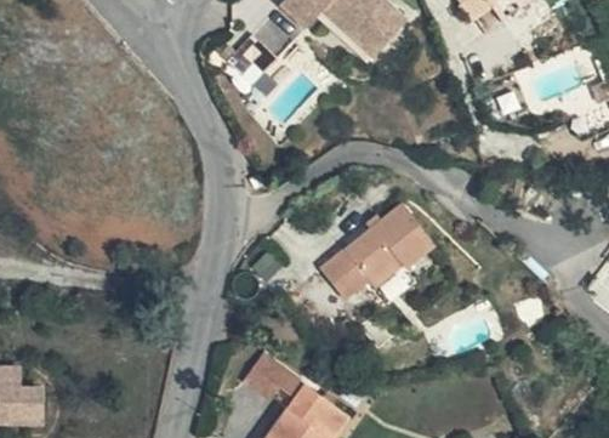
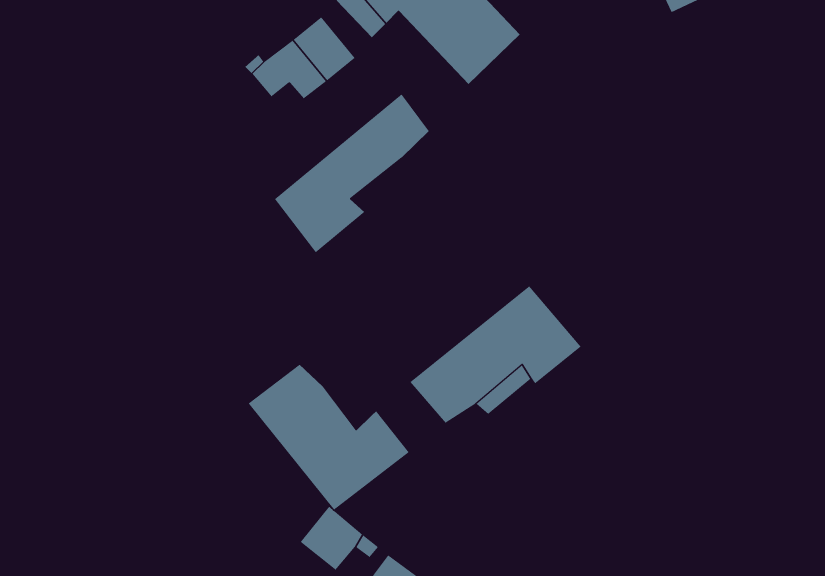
building: none -> [274,94,429,253]
building: none -> [248,364,410,511]

